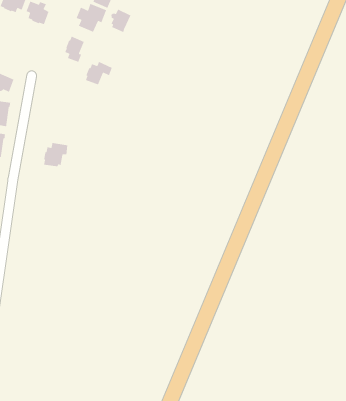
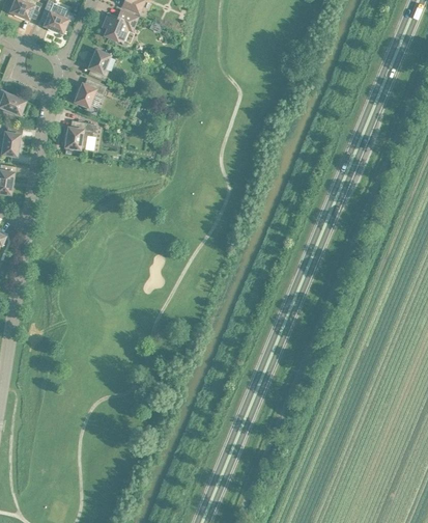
building: [110,8,132,33] -> none
building: [85,61,113,86] -> [73,78,107,108]
building: [43,142,68,167] -> [63,119,93,149]

